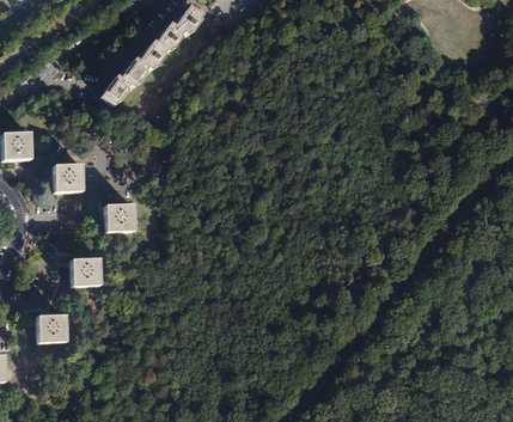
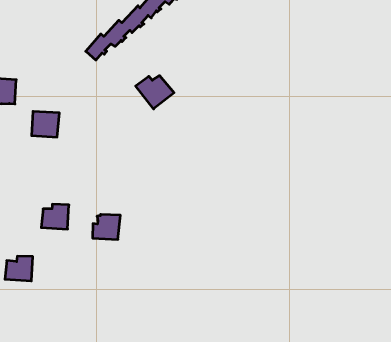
building: none -> [136,76,174,109]
building: [104,204,133,232] -> [93,214,120,239]

